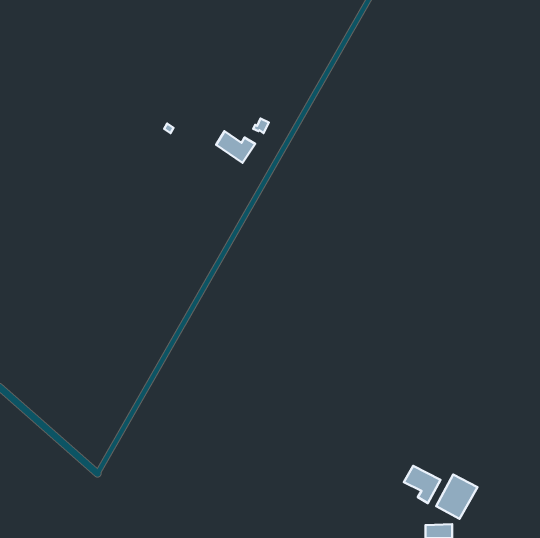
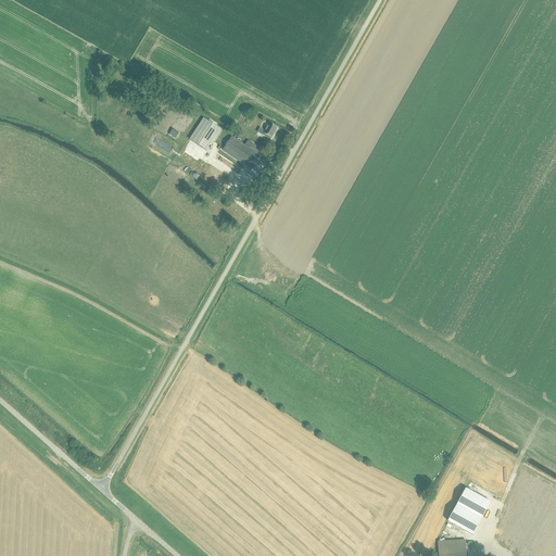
building: none -> [189,117,219,149]
building: [404,466,440,503] -> none

